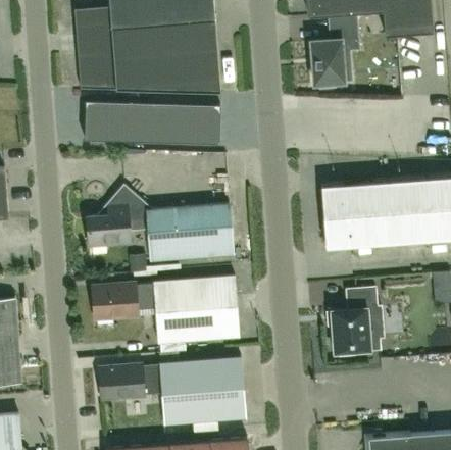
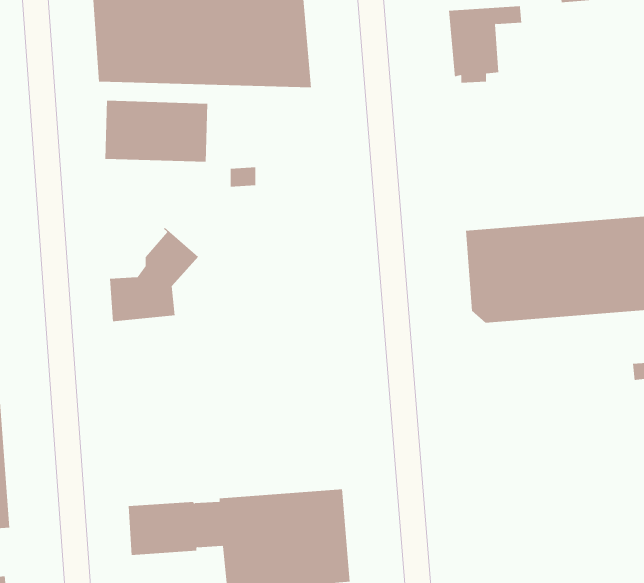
building: [151,103,219,144] -> none
building: [147,205,234,262] -> none
building: [92,277,240,344] -> none
building: [327,288,383,356] -> none

